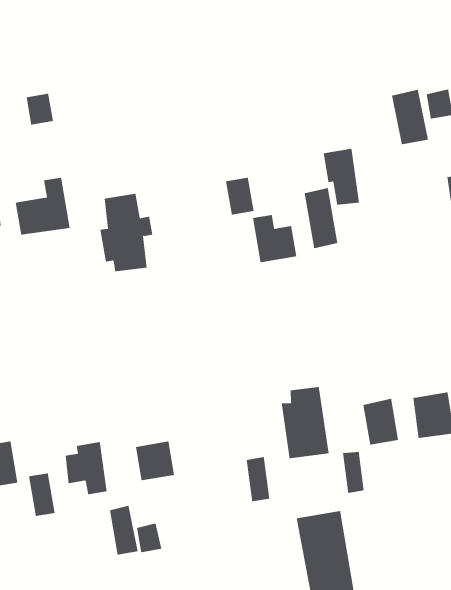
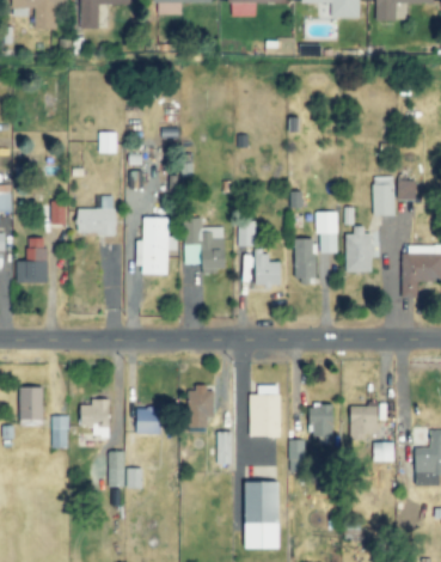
building: none -> [343,226,370,273]
building: none -> [184,219,227,270]
building: none -> [184,386,214,428]

